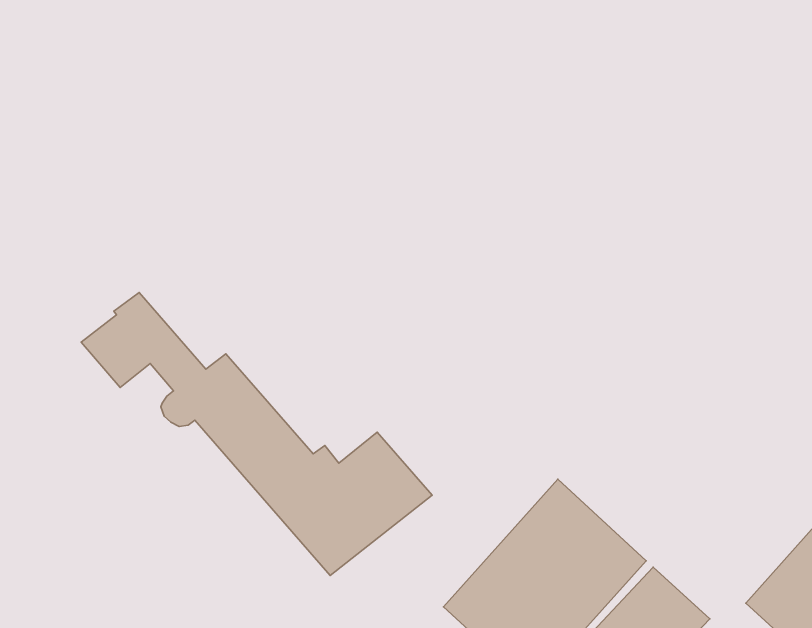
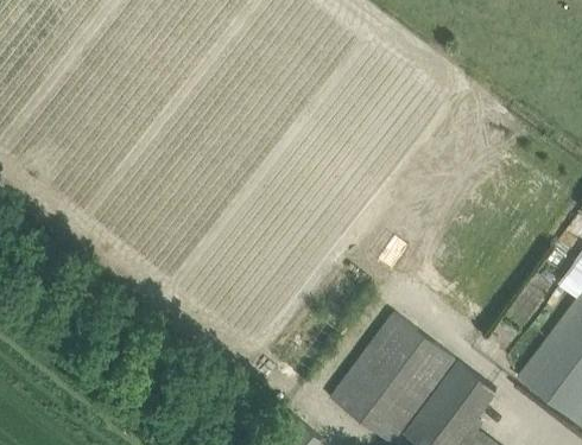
building: [81,292,432,575] -> none

